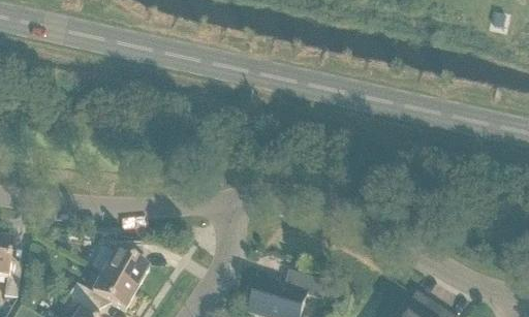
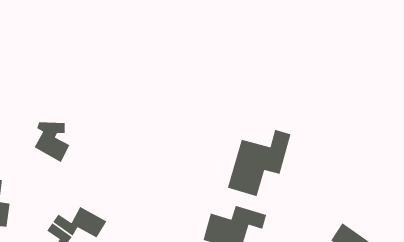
building: none -> [227,129,292,197]
building: [102,237,147,287] -> [33,122,71,163]

